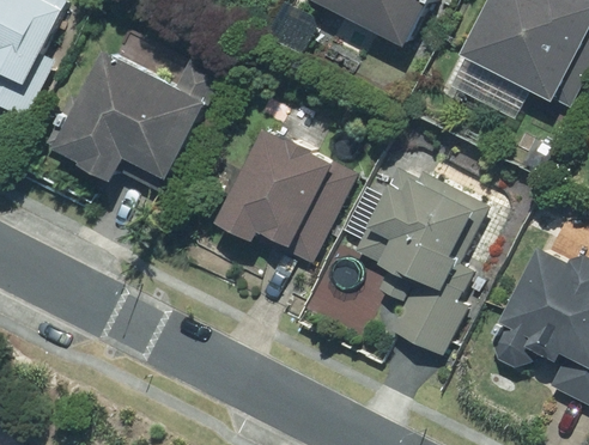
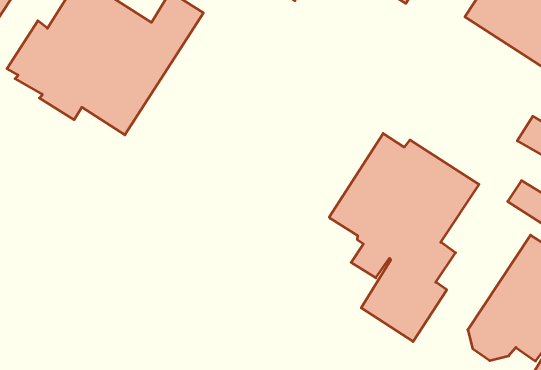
building: [214,130,354,261] -> none

